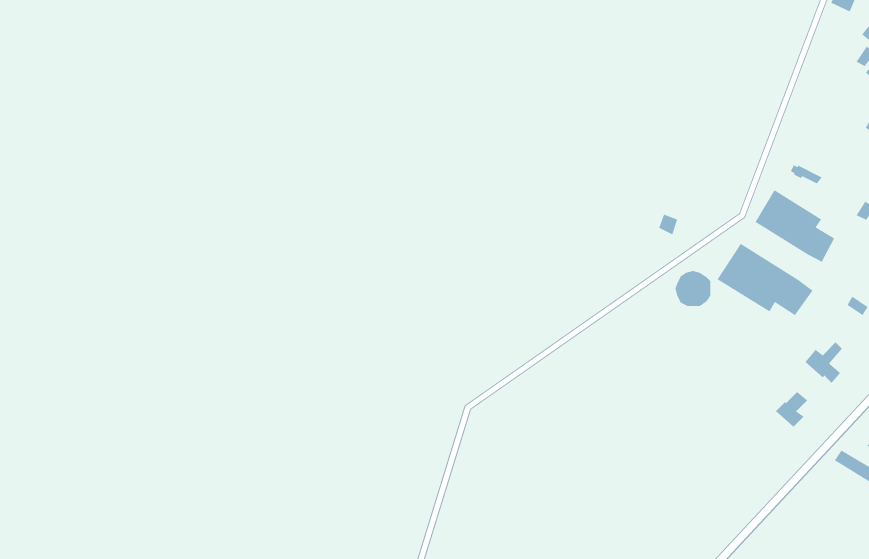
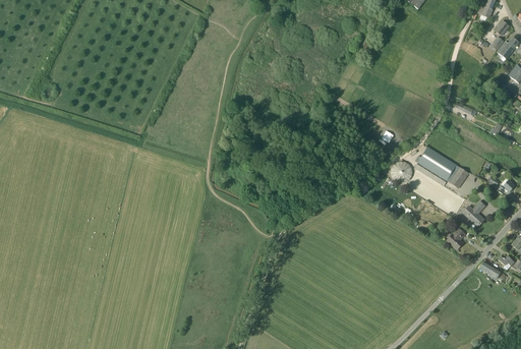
building: [754,189,835,263] -> none

